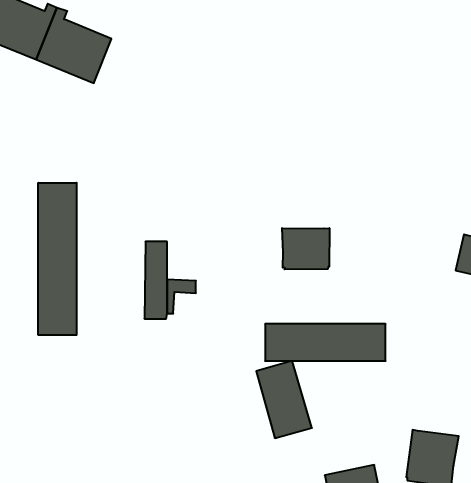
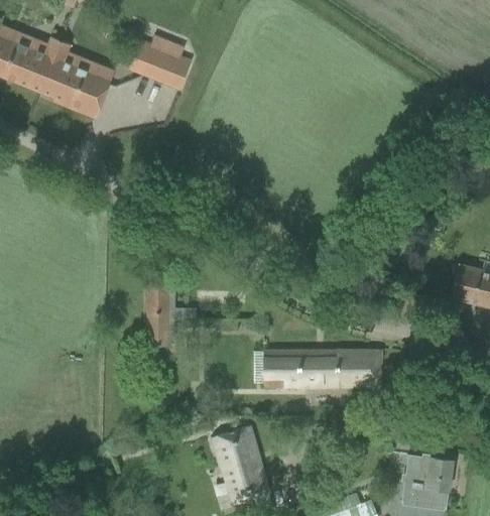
building: none -> [138,43,191,89]
building: [38,183,77,335] -> none
building: [282,228,329,269] -> none
building: [256,361,312,438] -> [214,425,268,501]

